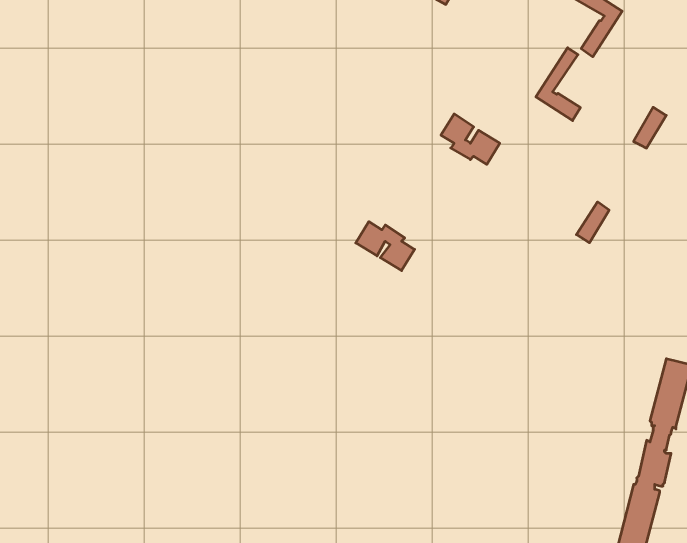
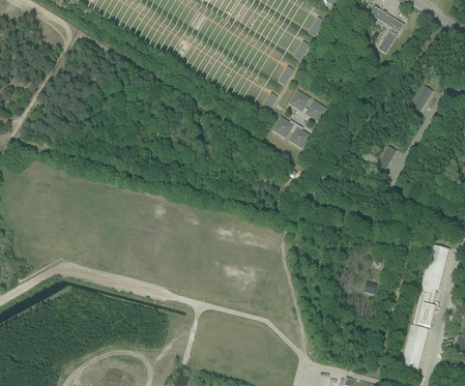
building: [536,48,580,121] -> none
building: [356,222,415,271] -> [272,116,310,147]

